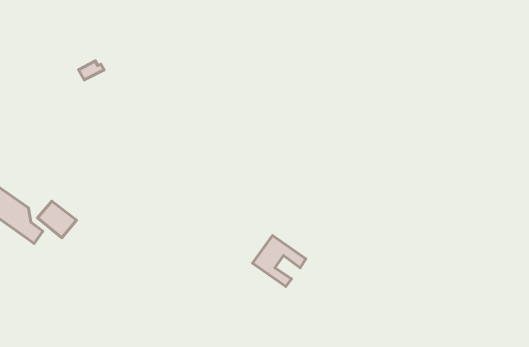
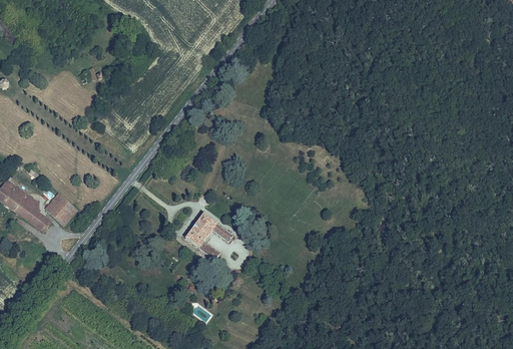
building: [252,235,306,287] -> [186,213,234,259]

